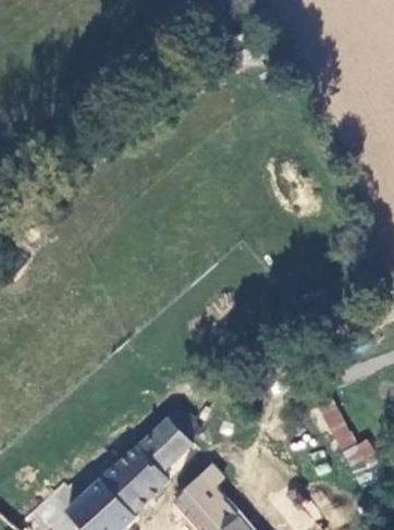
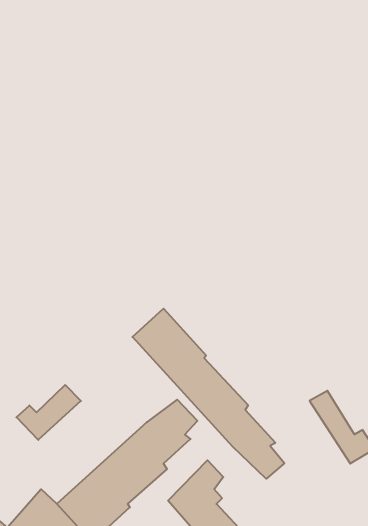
building: none -> [132,309,284,479]
building: none -> [16,385,81,440]

